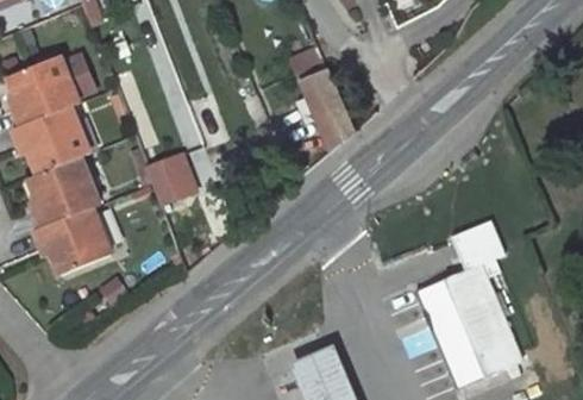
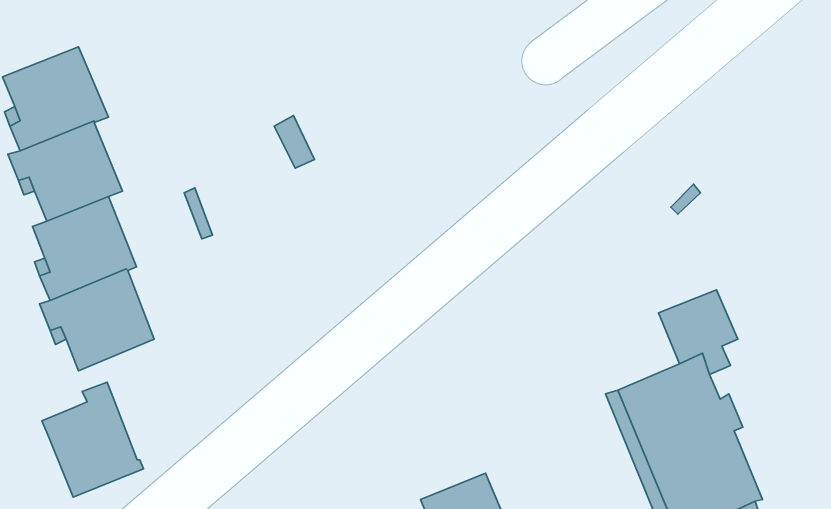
building: [292,49,355,152] -> none
building: [146,152,194,201] -> none
building: none -> [42,382,143,497]

